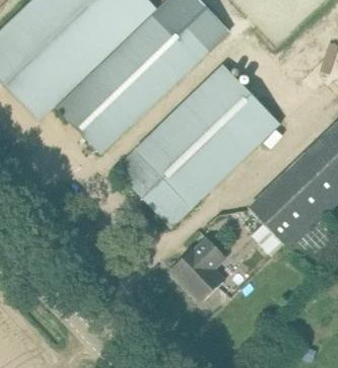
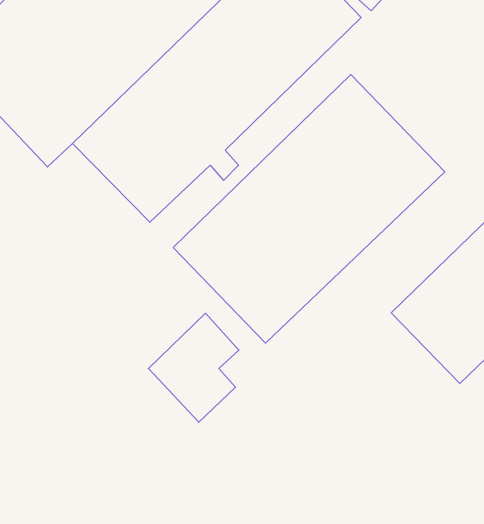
building: [171,235,225,301] -> [148,313,239,422]

